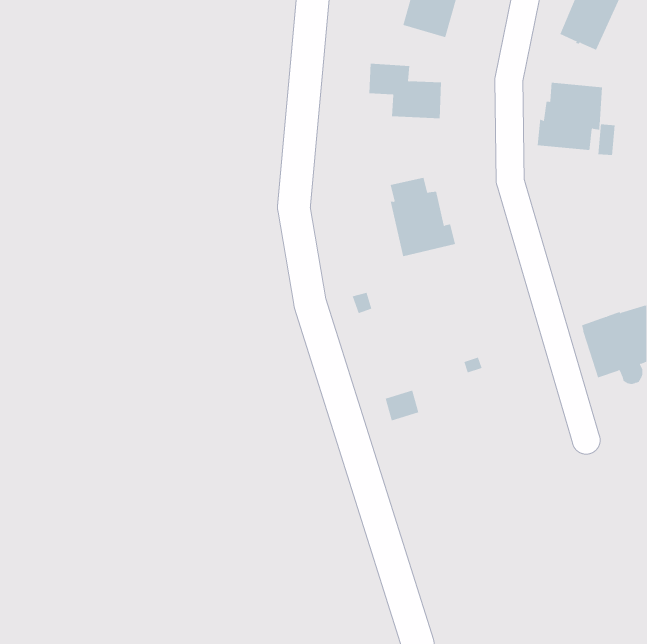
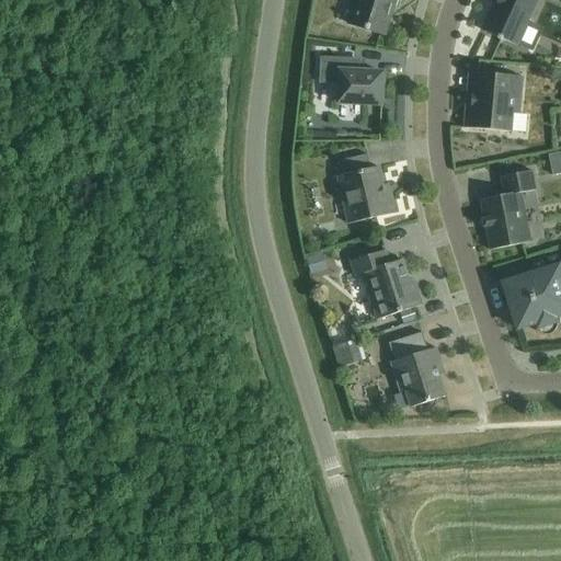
building: none -> [480,170,536,249]
building: none -> [351,249,423,318]
building: none -> [389,331,446,405]

